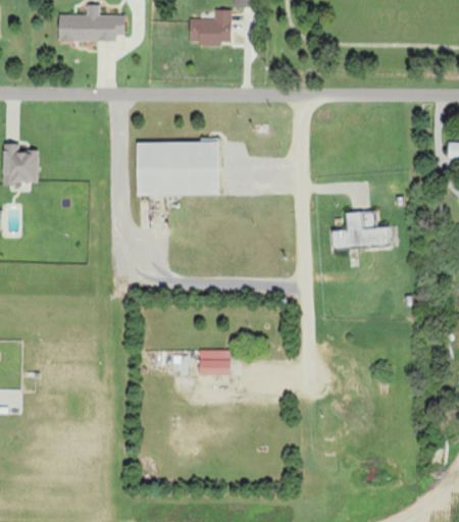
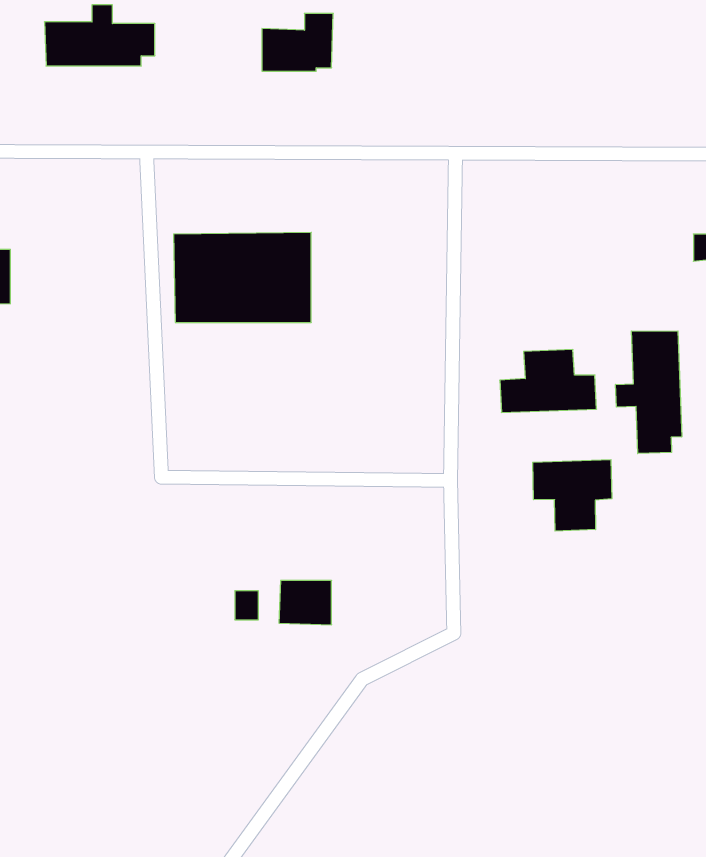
building: none -> [616,331,682,454]
building: none -> [533,460,612,531]

